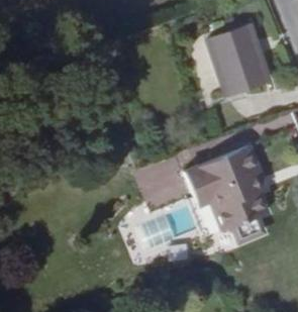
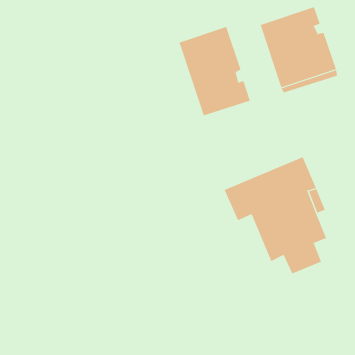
building: none -> [179,26,250,116]

